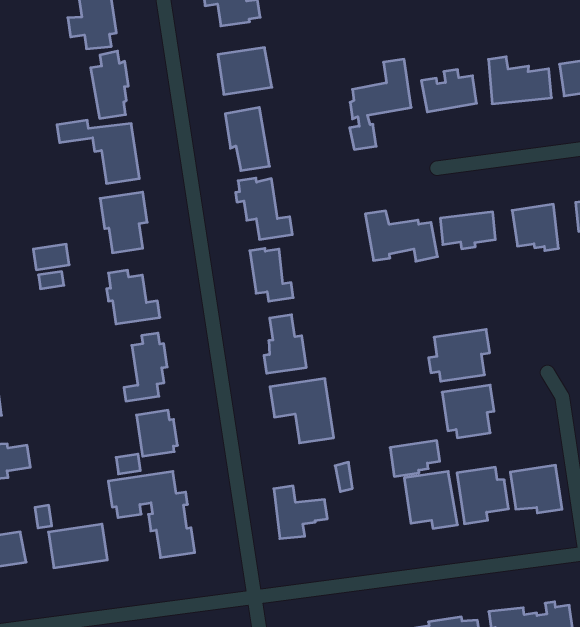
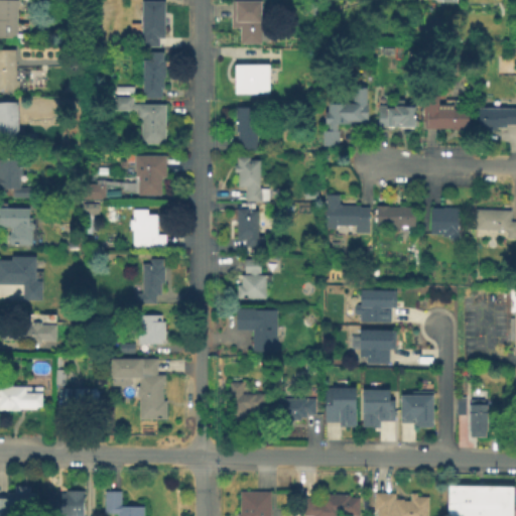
building: [390,441,440,476] -> [282,399,316,420]

